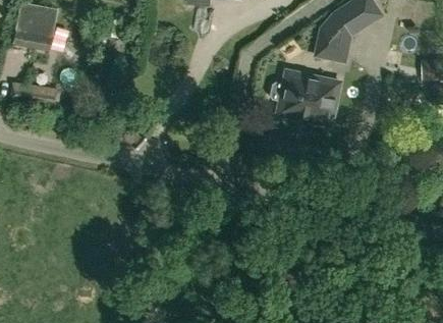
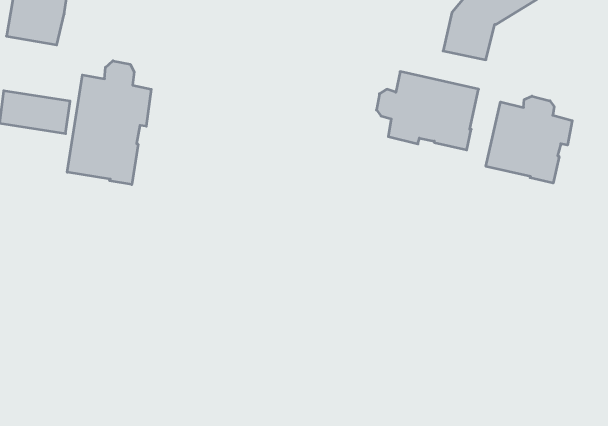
building: none -> [67,61,151,185]
building: none -> [486,96,572,183]

